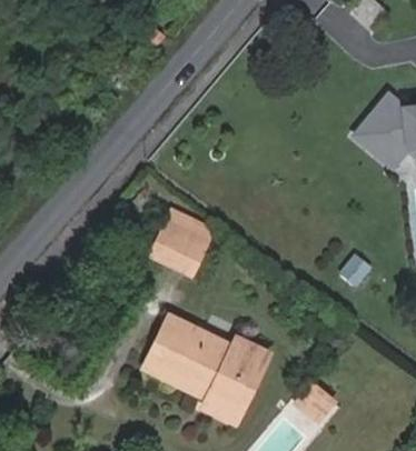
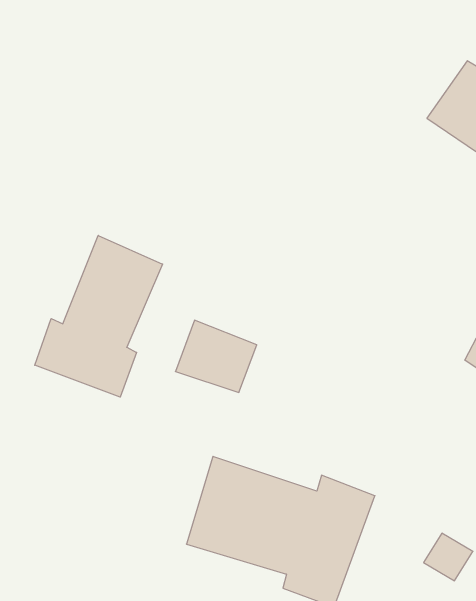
building: none -> [35,235,163,397]

